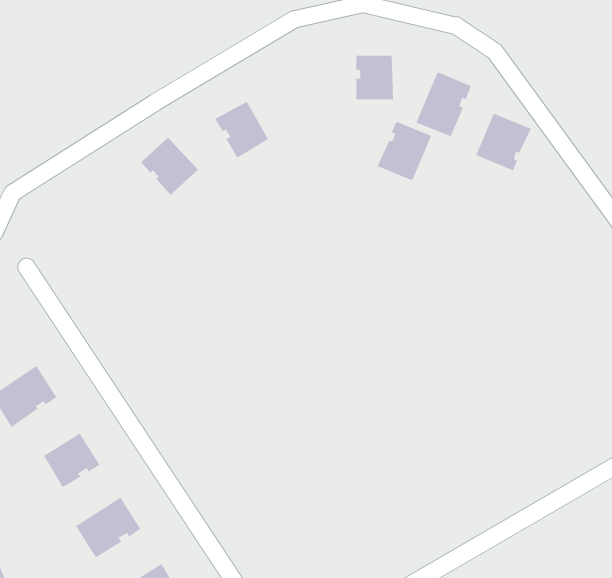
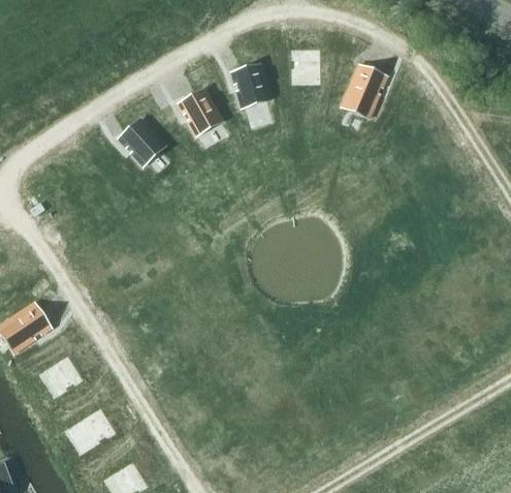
building: none -> [233,67,273,110]
building: [475,113,531,171] -> none
building: [377,121,432,181] -> none

